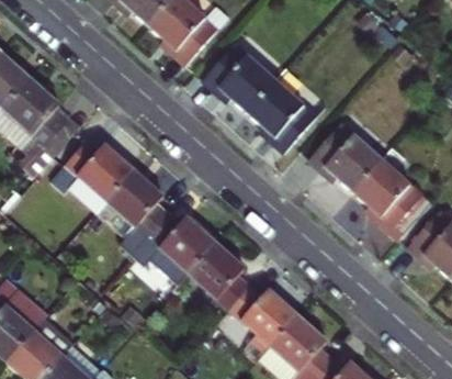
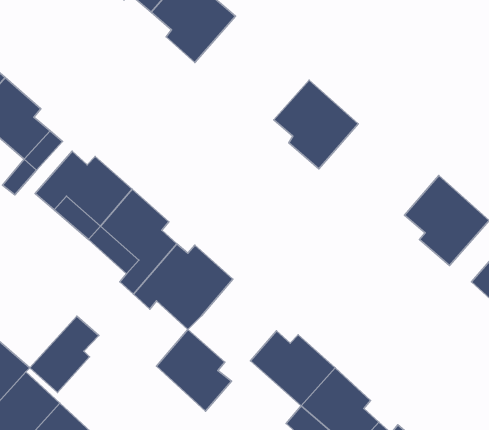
building: [204,45,278,114] -> none
building: [309,124,382,191] -> none
building: [191,243,251,309] -> [157,330,232,411]
building: none -> [30,316,99,392]

